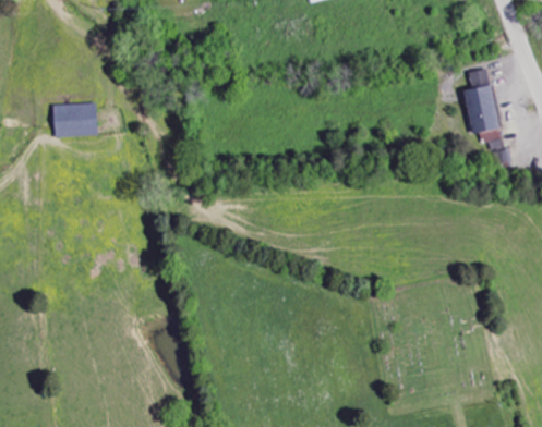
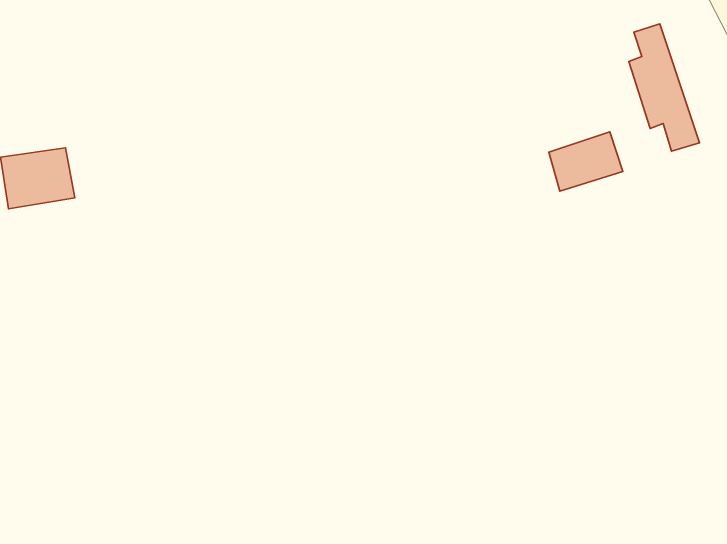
building: none -> [549,132,623,191]

